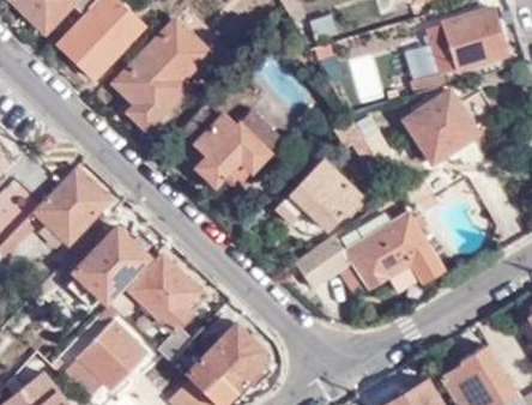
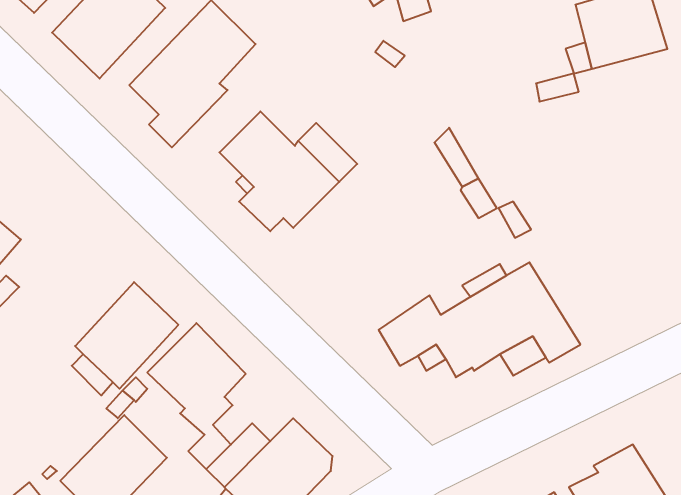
building: [404,91,480,167] -> none
building: [276,159,363,230] -> none
building: [36,167,110,244] -> none

